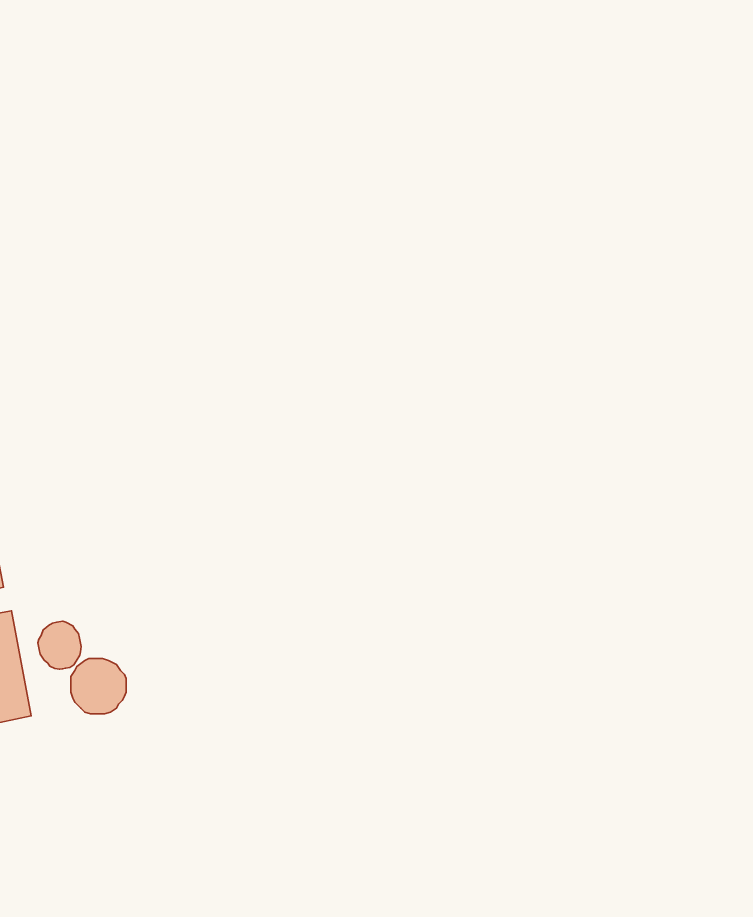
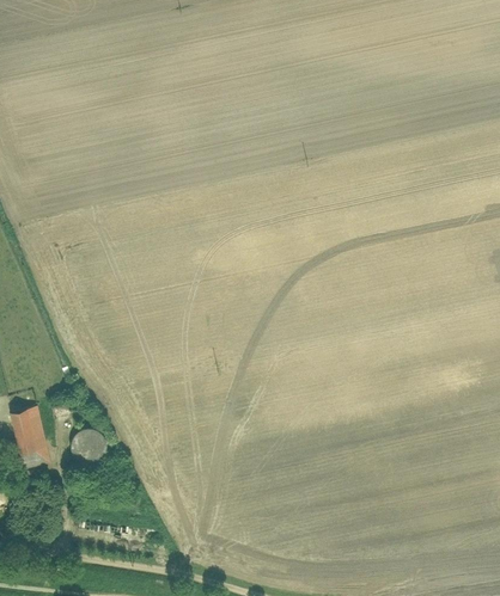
building: [38,621,81,669] -> none

